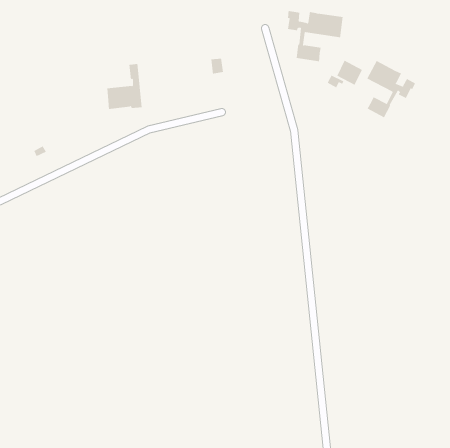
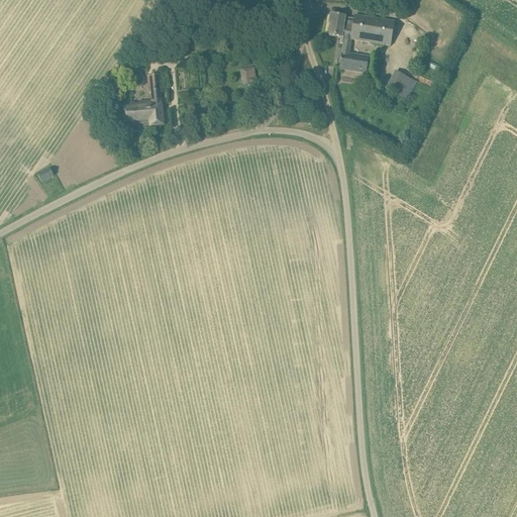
building: [366,60,416,118] -> none

